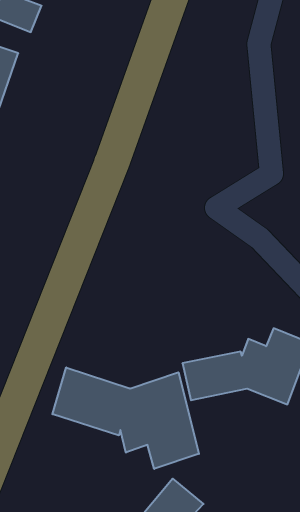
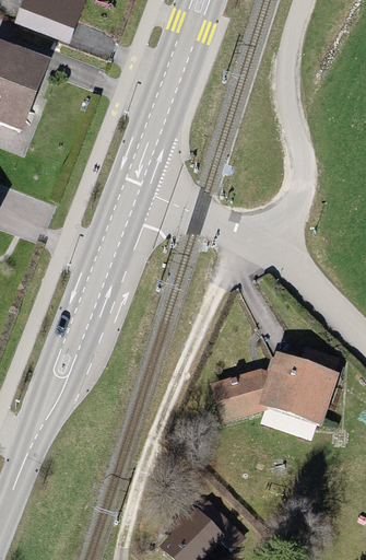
building: [52,367,199,469] -> none

